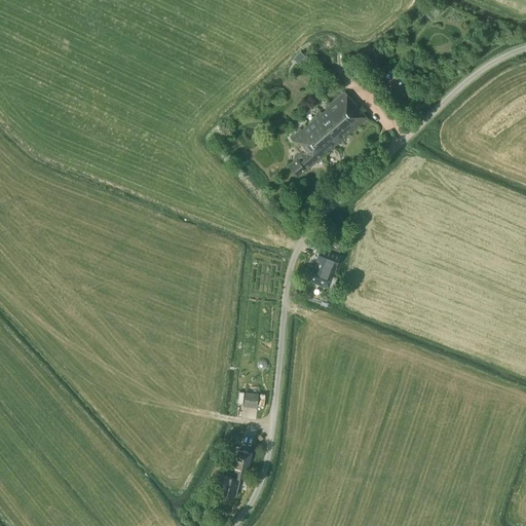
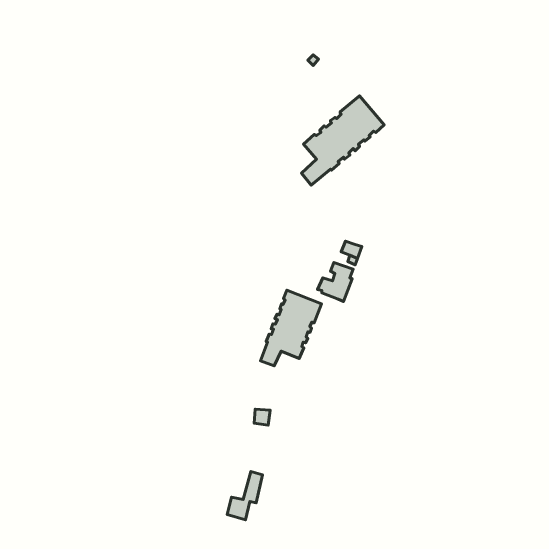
building: none -> [260,290,321,366]

